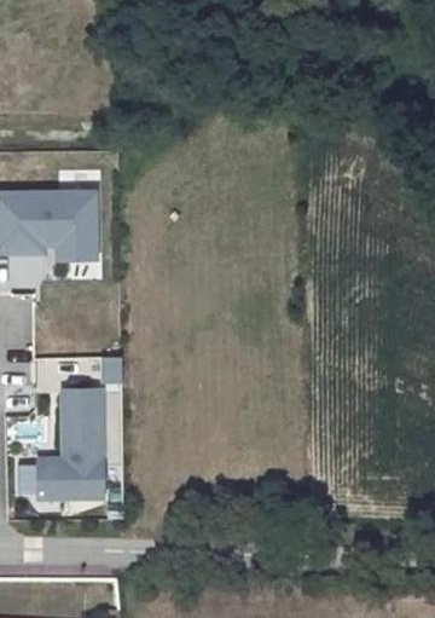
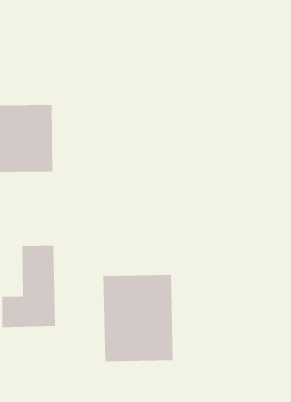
building: none -> [103,274,173,362]

